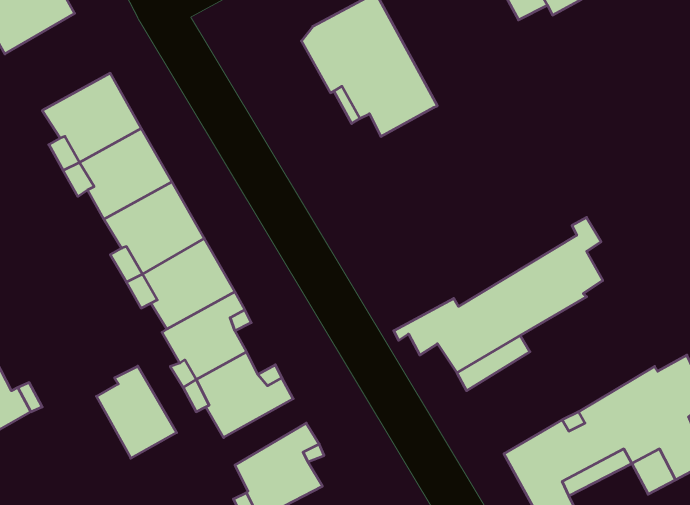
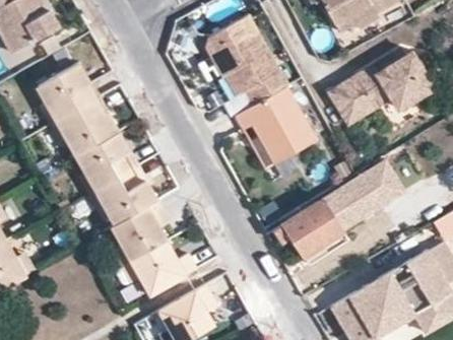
building: none -> [327,47,433,123]
building: none -> [233,87,315,166]
building: [96,366,177,458] -> none

